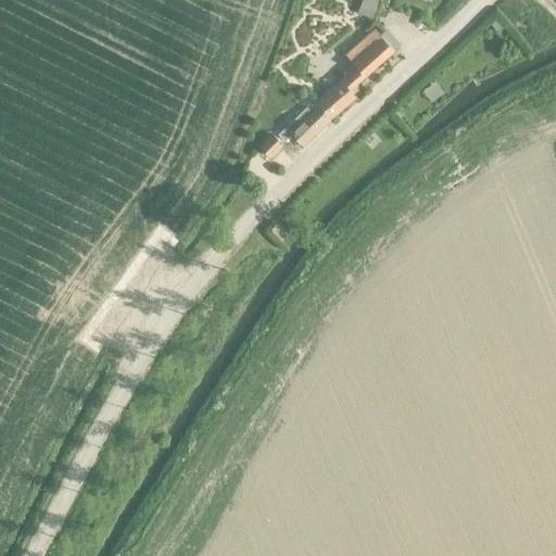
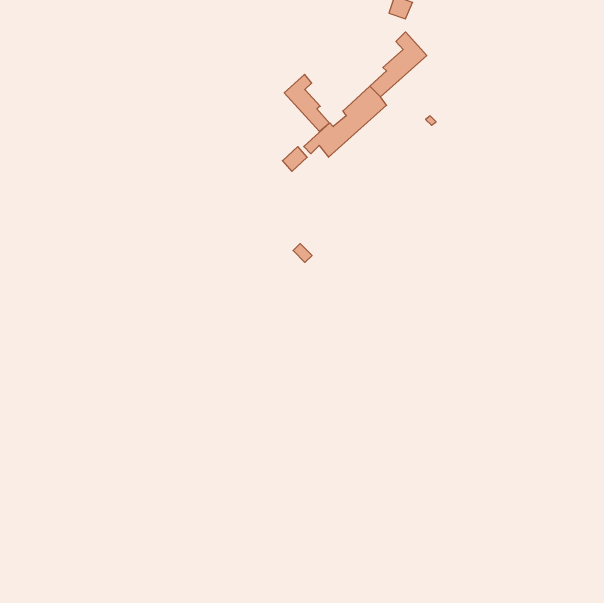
building: none -> [284,74,329,131]

